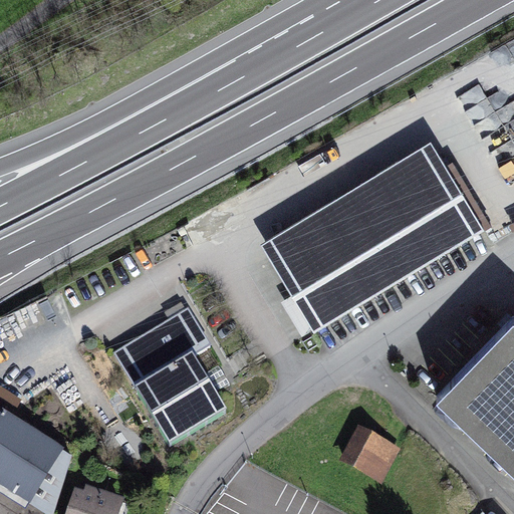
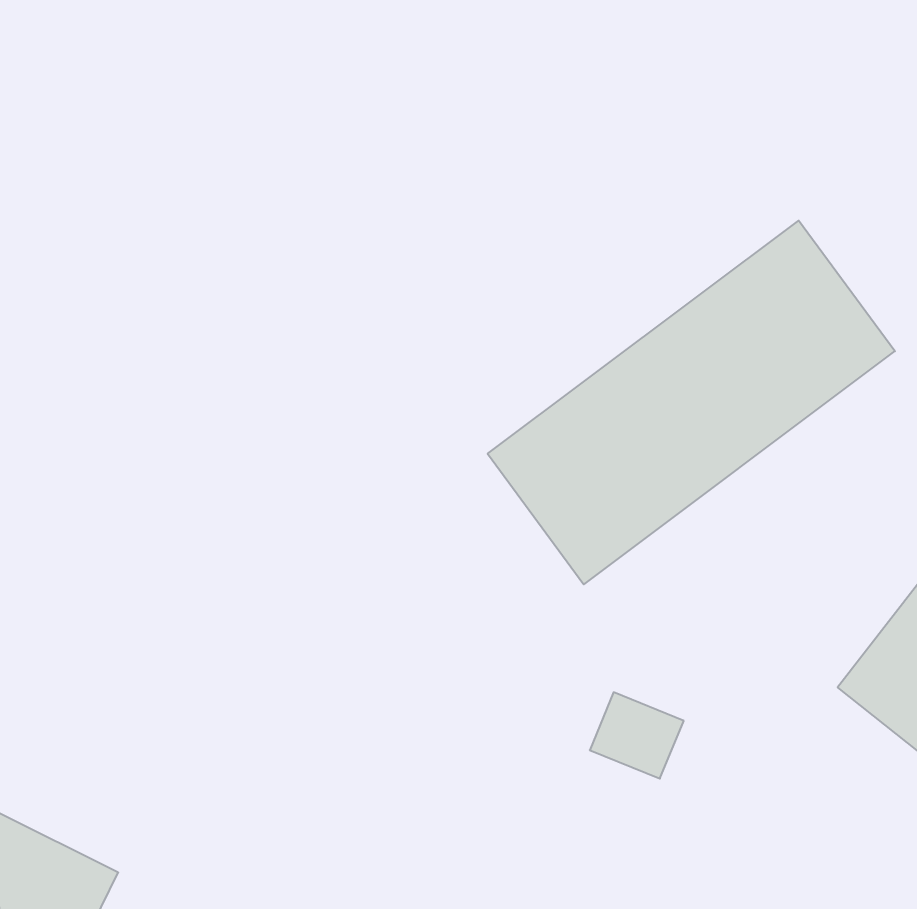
building: [115,308,226,444] -> none
building: [346,430,396,476] -> [590,692,684,779]

